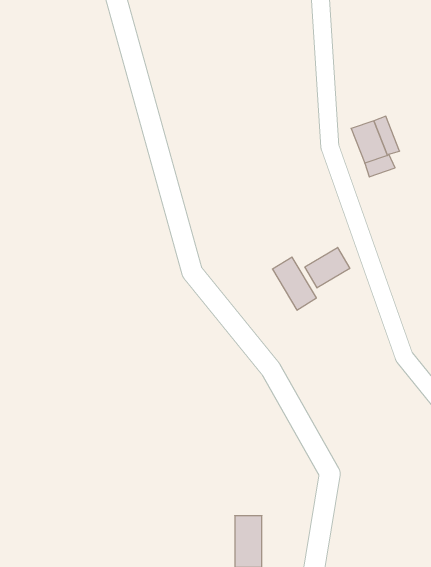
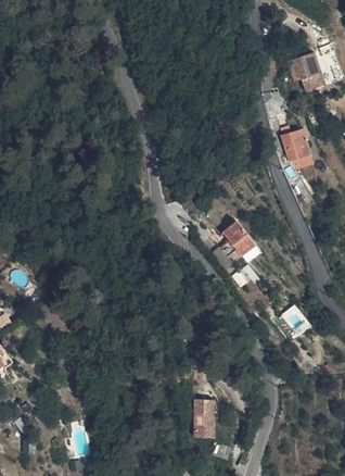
building: none -> [288,46,328,87]
building: [305,247,350,288] -> none

